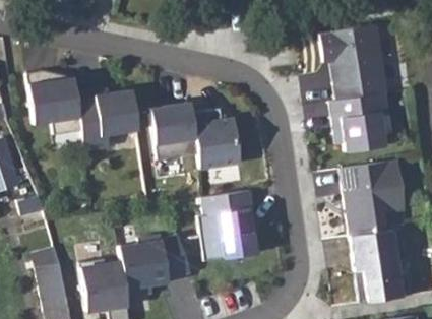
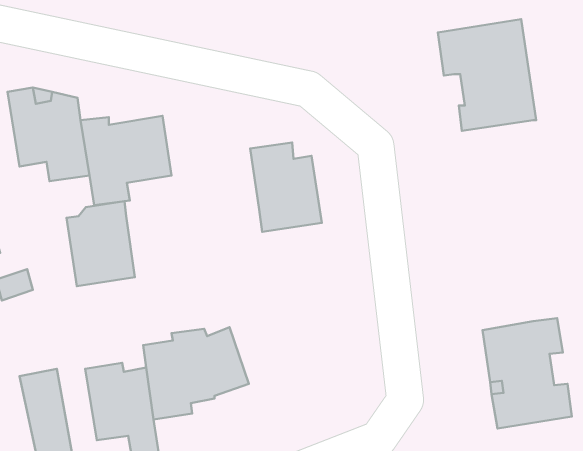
building: [329,92,387,151] -> none
building: [150,102,197,160] -> [66,201,135,286]
building: [340,160,405,236] -> none
building: [197,190,259,261] -> none

